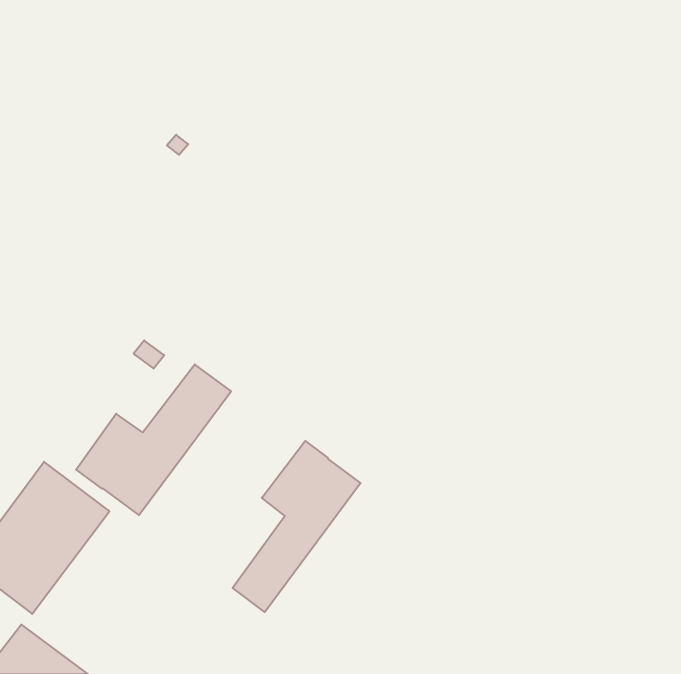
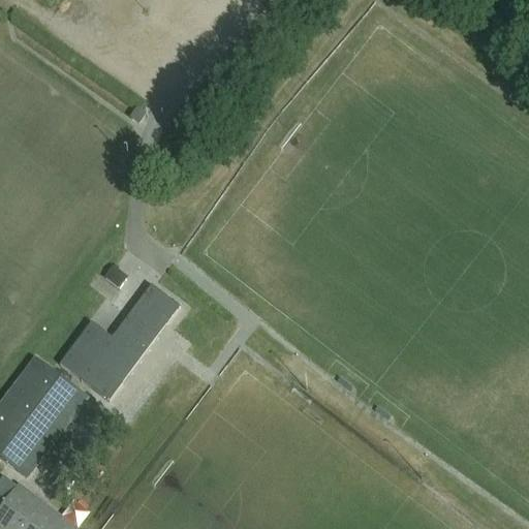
building: [233,441,361,612] -> none

